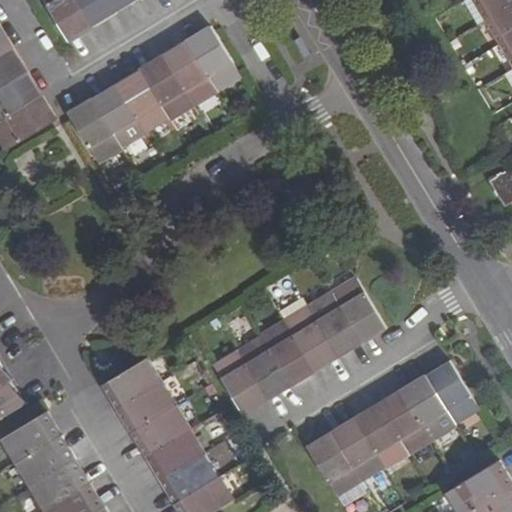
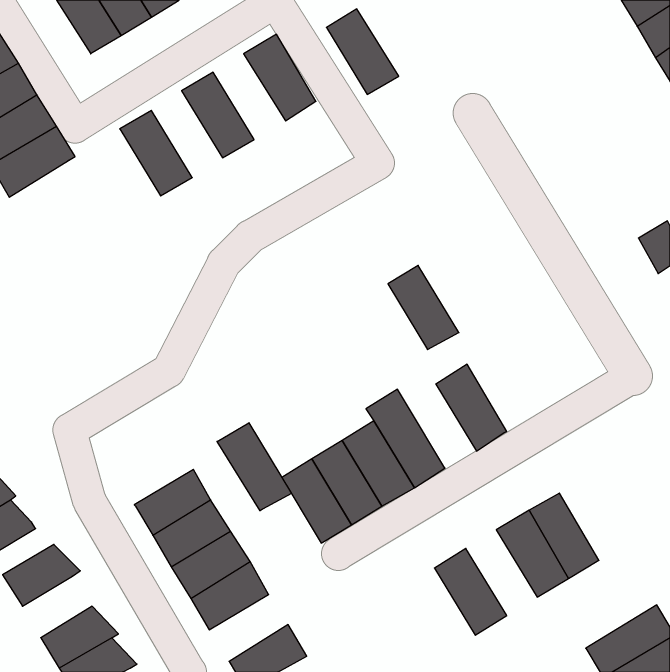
building: [162,41,217,106] -> [326,9,399,94]
building: [115,69,169,135] -> none
building: [68,98,122,163] -> none
building: [308,292,362,356] -> [388,265,459,350]
building: none -> [217,423,291,511]
building: [425,360,479,426] -> none
building: [354,403,408,468] -> none
building: [307,432,361,497] -> none
building: [17,438,75,485] -> none
building: [159,452,219,503] -> none

